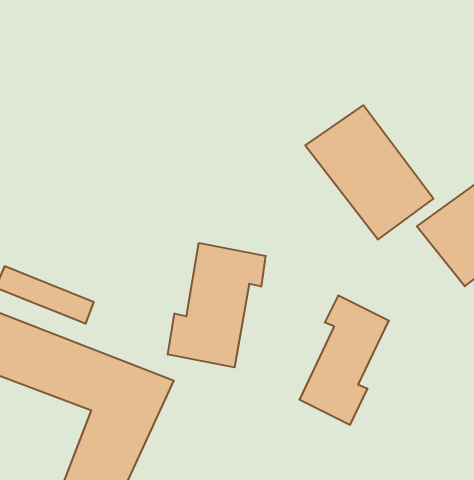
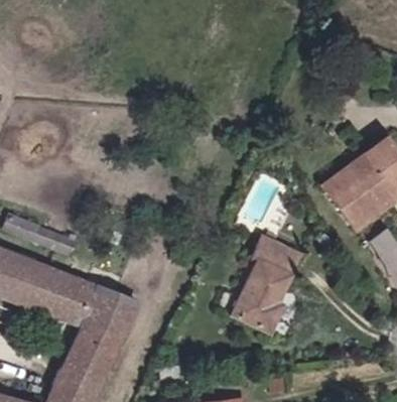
building: [305,105,433,240] -> none
building: [168,243,266,367] -> none

